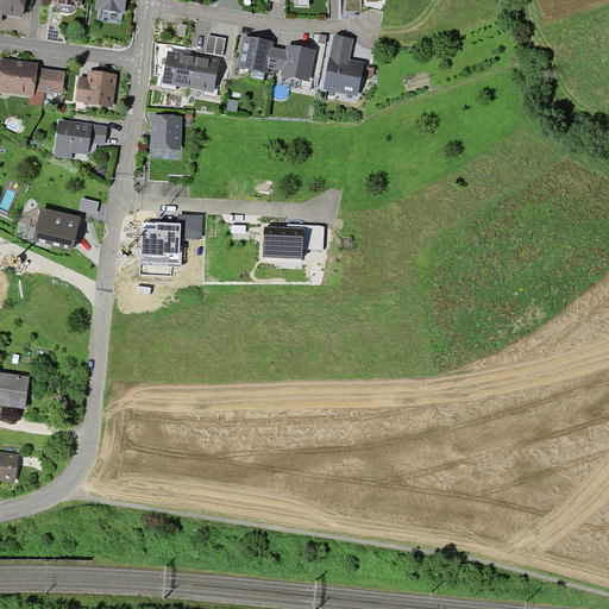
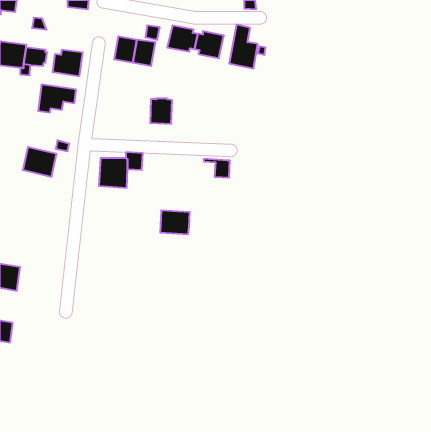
building: [150,114,181,150] -> [150,98,172,124]
building: [262,226,303,259] -> [160,211,190,234]

